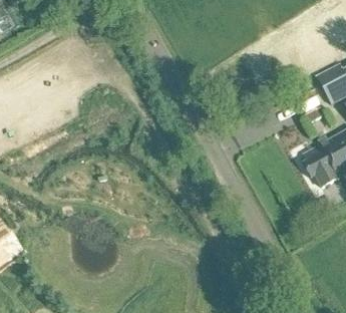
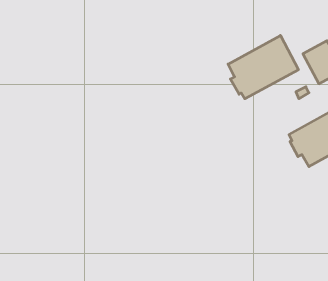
building: none -> [228,35,298,99]

